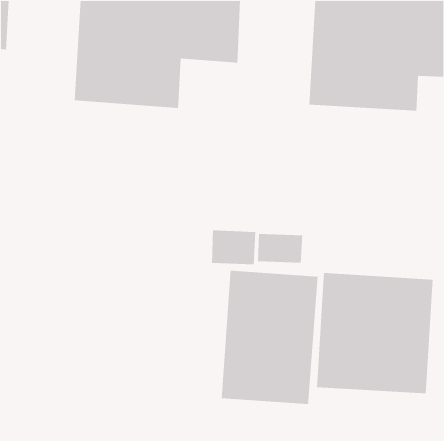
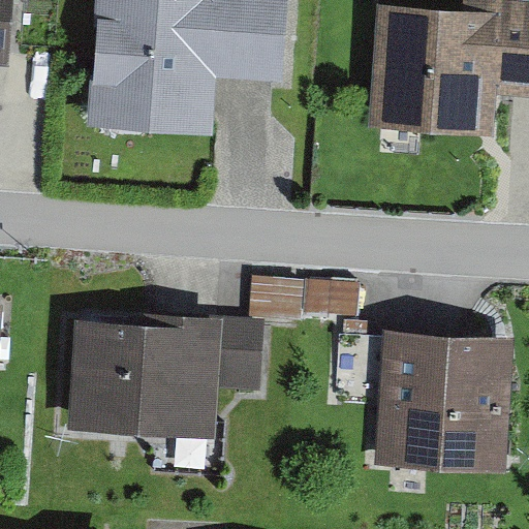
building: none -> [65,309,264,439]
building: [221,270,318,405] -> none

